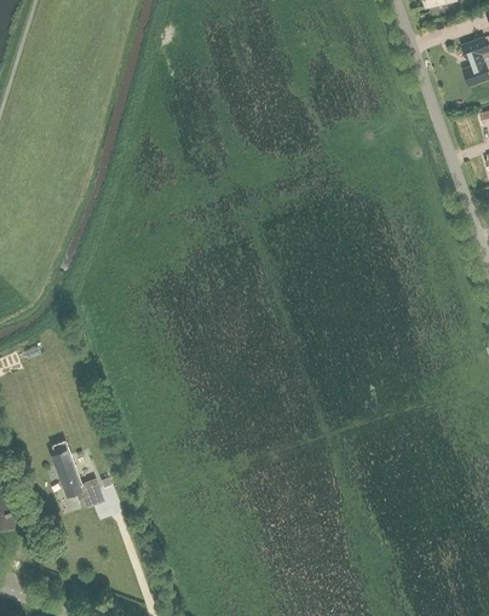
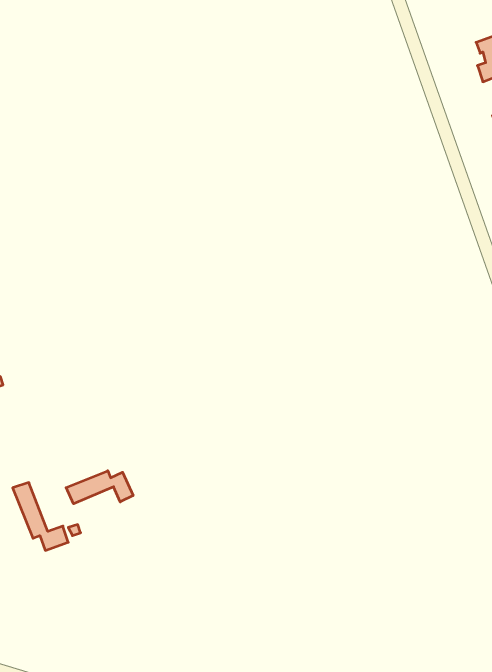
building: none -> [66,471,133,504]

